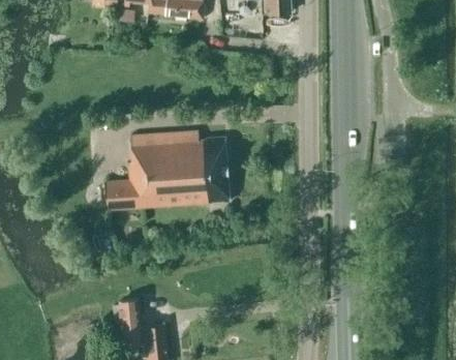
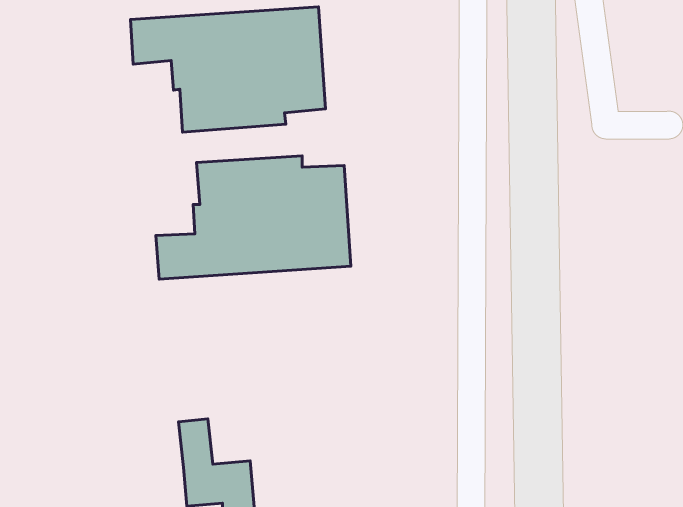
building: none -> [130,7,326,132]

